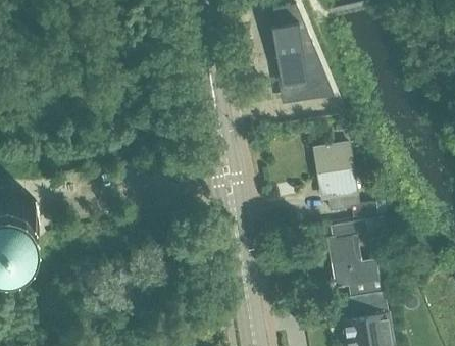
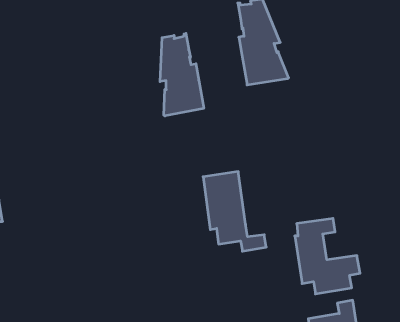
building: none -> [160,33,204,116]
building: [315,144,377,223] -> [203,172,266,251]

